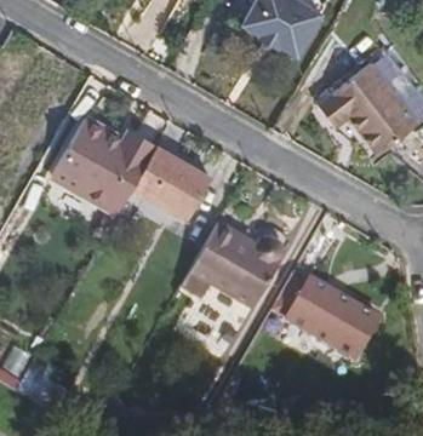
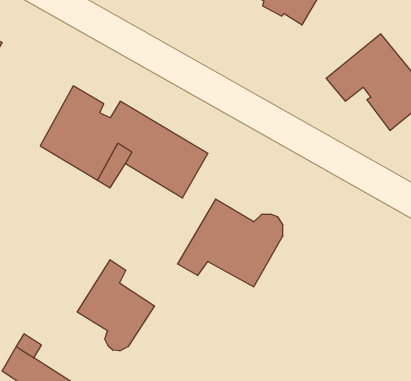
building: [271,276,378,365] -> none
building: none -> [77,260,154,351]

